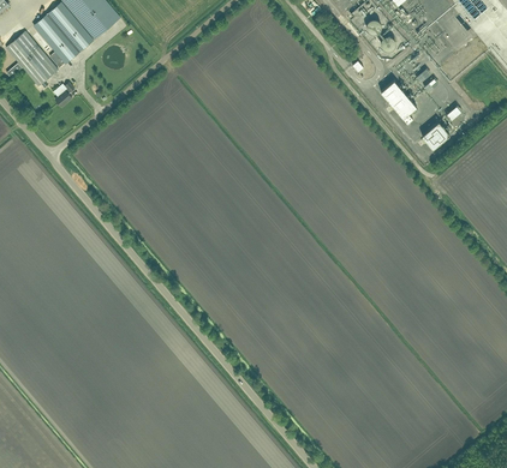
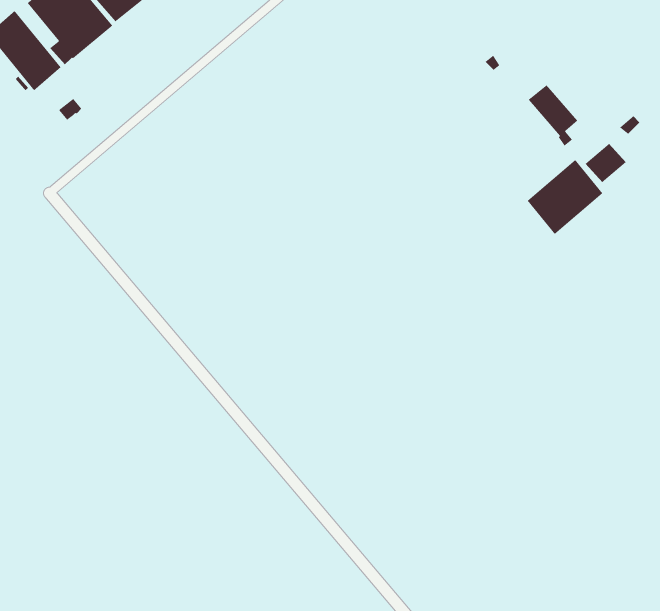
building: none -> [527,159,603,235]

